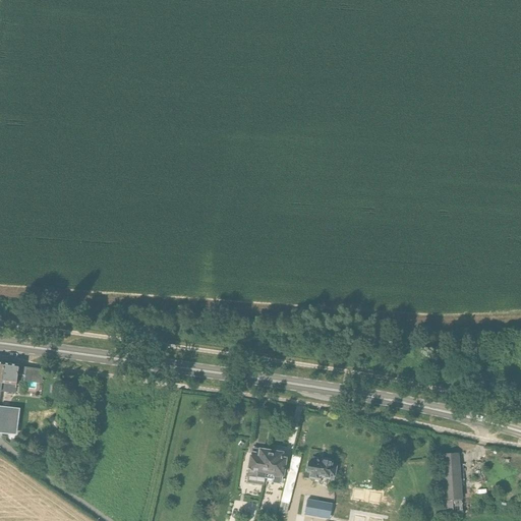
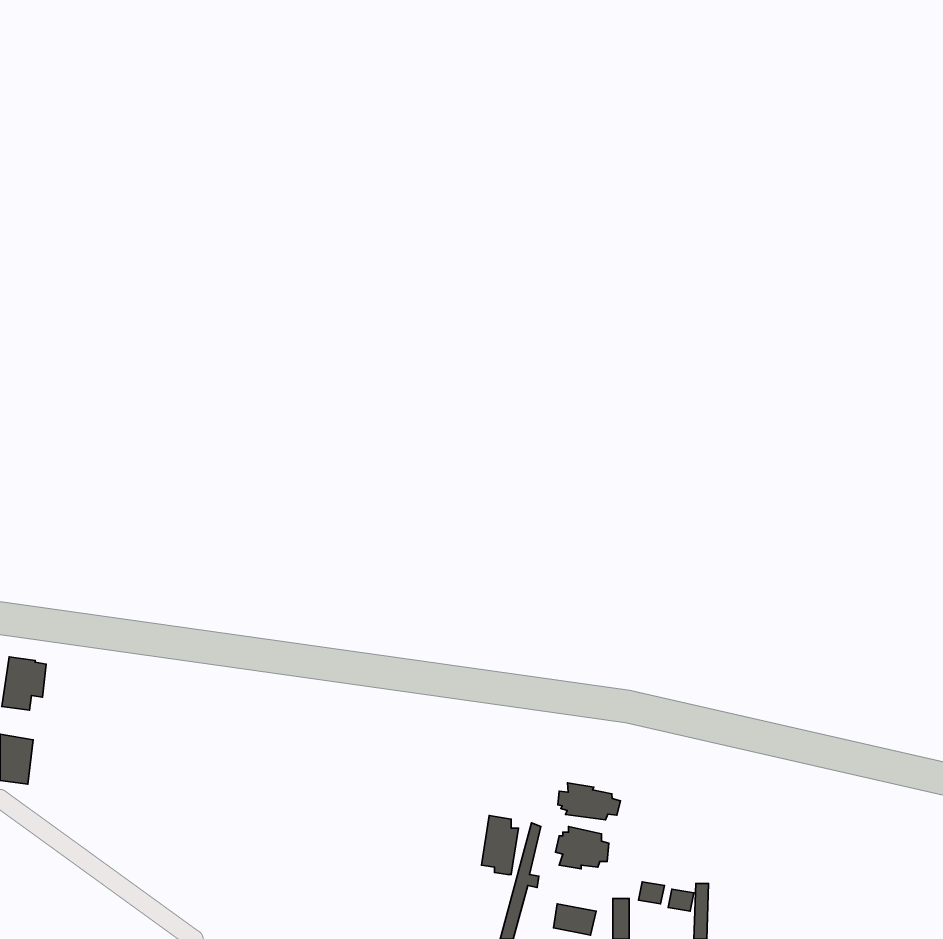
building: none -> [558,783,621,820]
building: [247,448,270,477] -> none
building: [438,451,463,512] -> none

